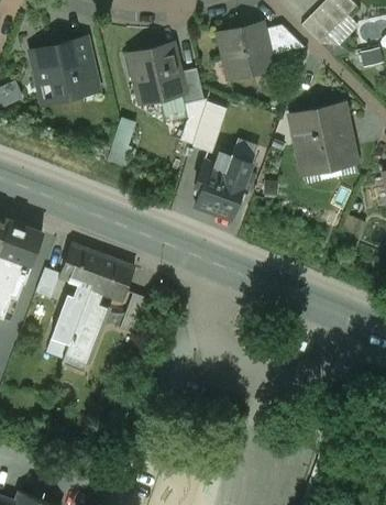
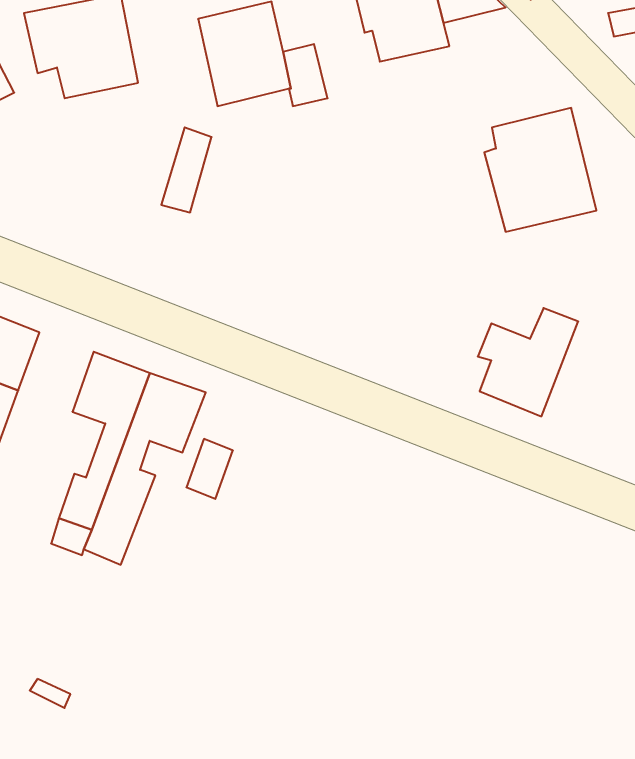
building: [191,101,225,153] -> none
building: [194,155,251,217] -> [478,308,578,416]

